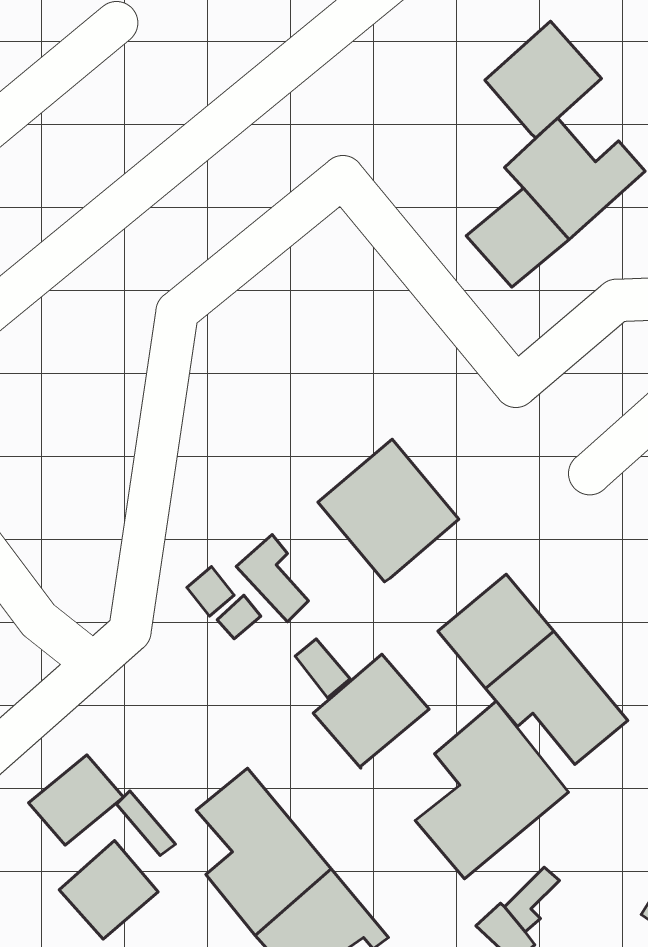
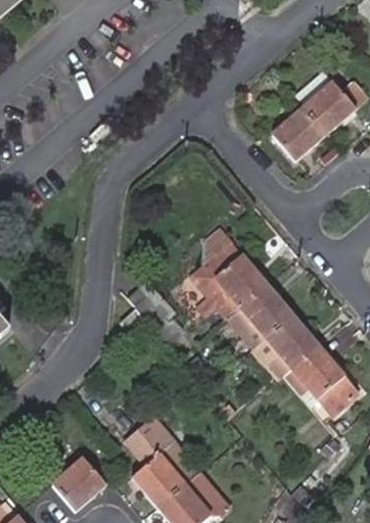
building: [485,21,601,138] -> none
building: [313,654,429,768] -> [231,284,293,345]
building: [415,701,569,879] -> none
building: [29,755,124,845] -> none

